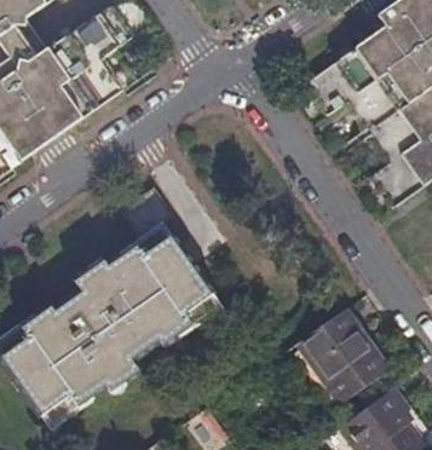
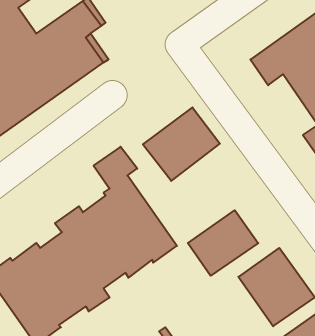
building: none -> [143,107,220,181]
building: none -> [188,210,258,276]

